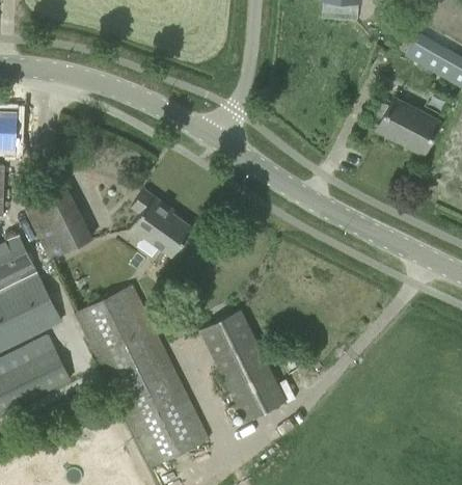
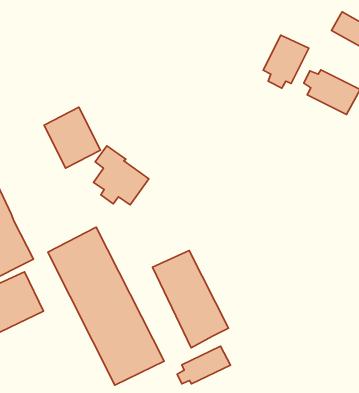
building: none -> [263,35,309,88]
building: [26,189,91,260] -> [44,107,100,168]
building: none -> [177,346,230,384]

